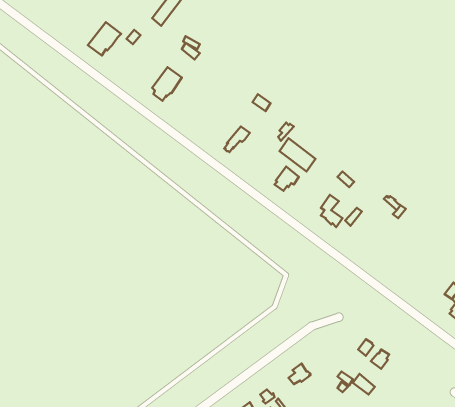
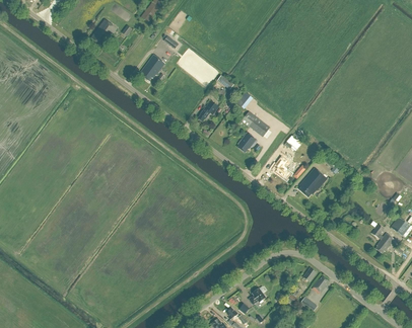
building: none -> [299,168,327,196]

